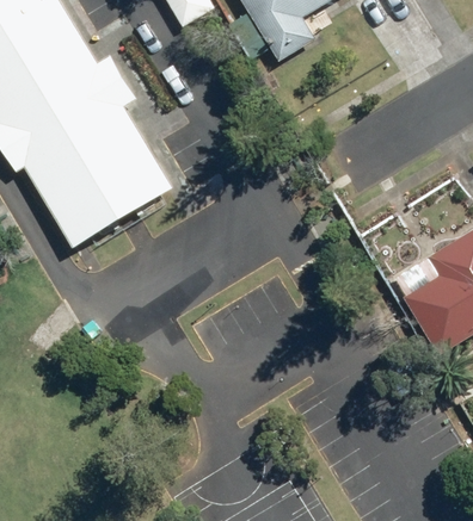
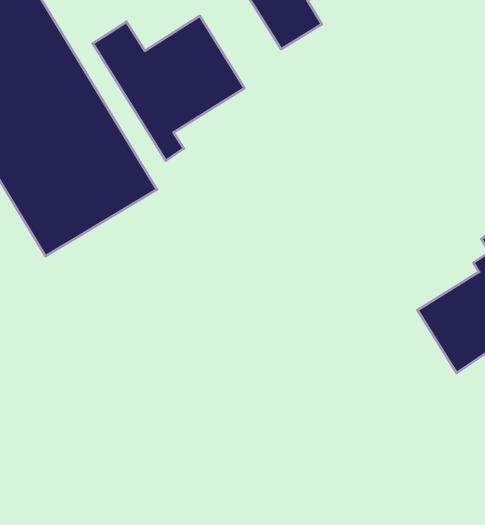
building: none -> [93,16,244,161]

